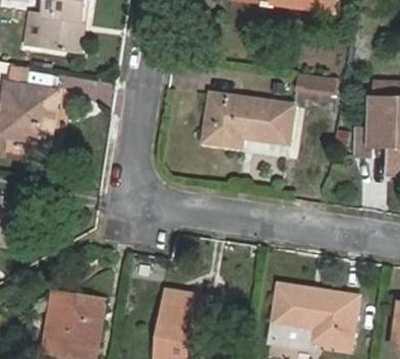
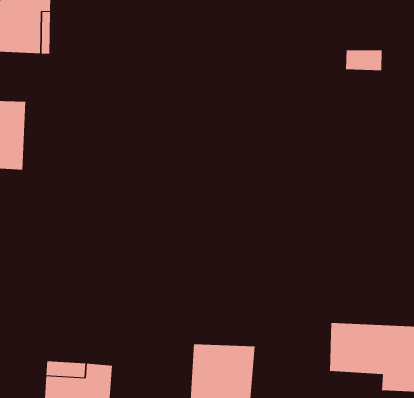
building: [207,96,294,147] -> none

